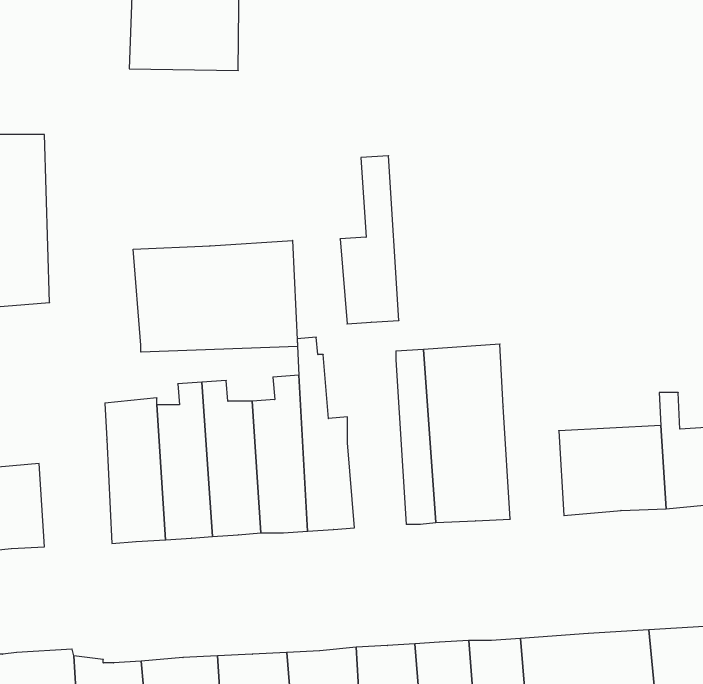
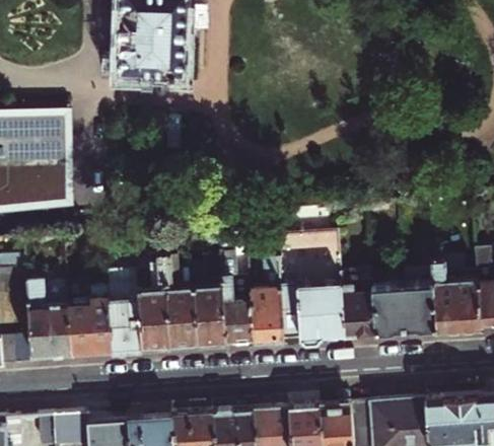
building: [340,156,399,324] -> [243,244,278,343]
building: [133,240,298,352] -> none
building: none -> [335,271,370,338]
building: none -> [63,291,105,354]

